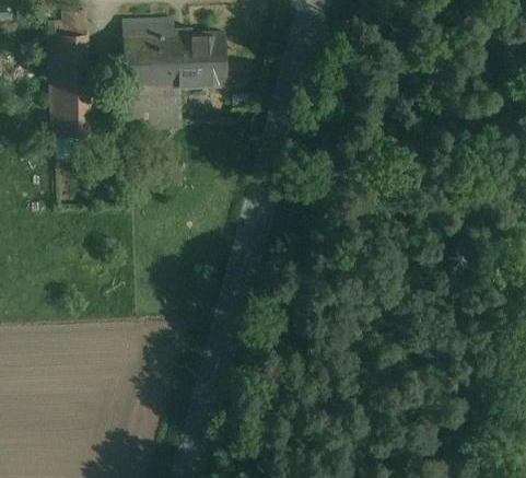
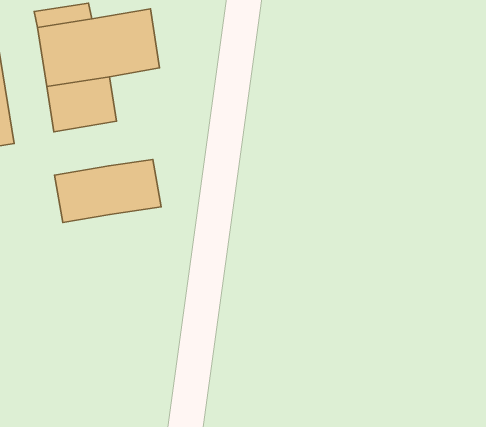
building: none -> [55,159,161,223]

